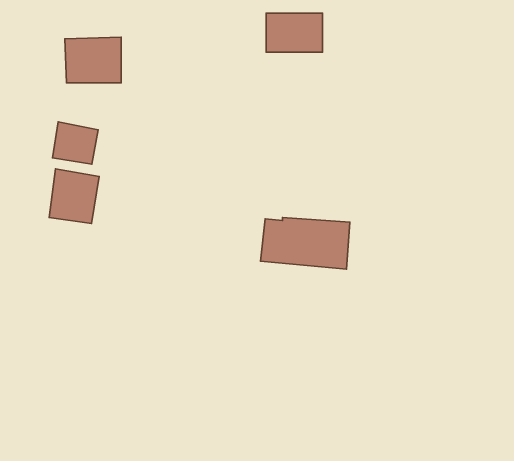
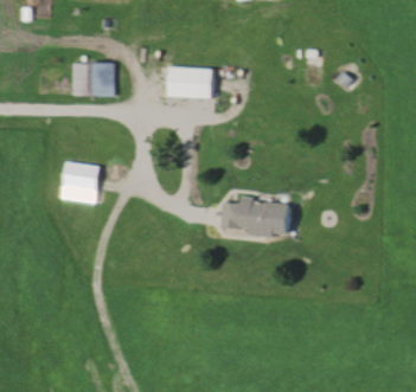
building: [266,13,323,52] -> [168,68,211,97]
building: [52,122,98,164] -> none

